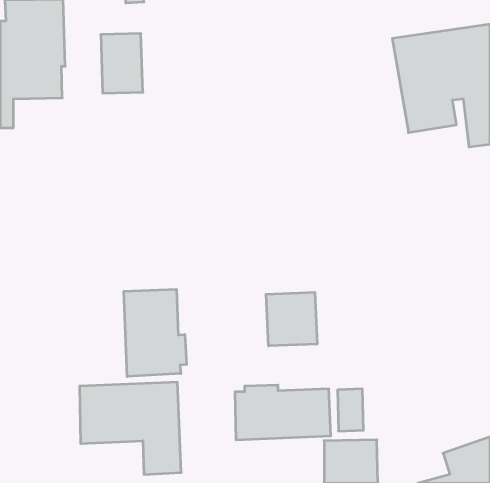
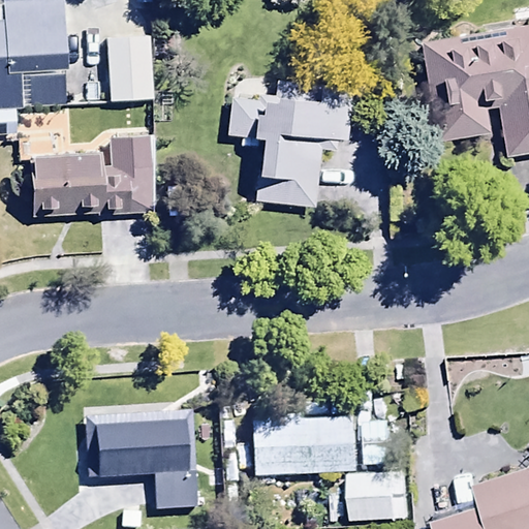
building: none -> [227,82,354,208]
building: none -> [33,136,154,214]
building: [124,289,186,377] -> none
building: [266,292,317,346] -> none

